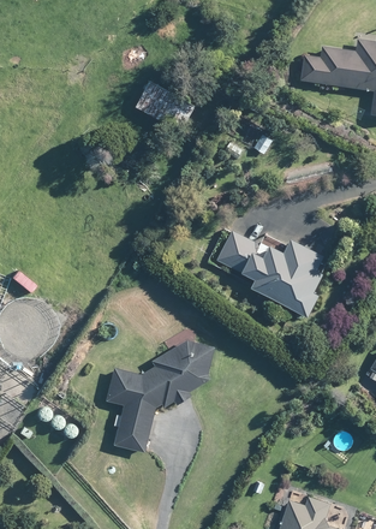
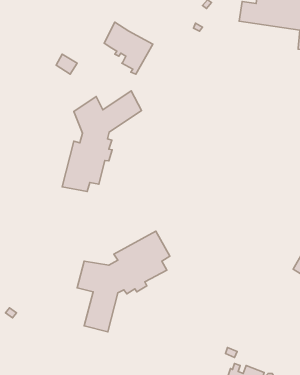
building: none -> [62,91,141,191]
building: [217,228,326,316] -> none

